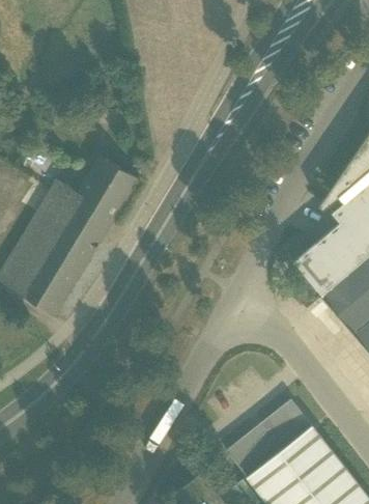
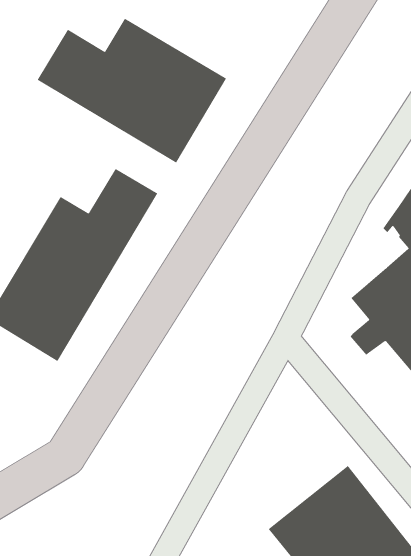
building: none -> [37,18,227,164]

